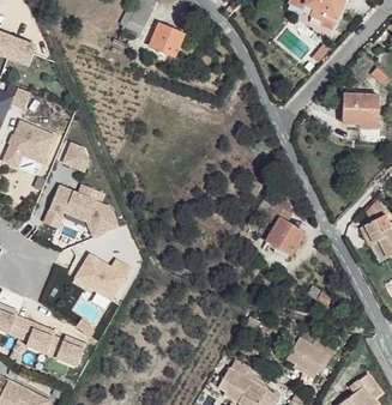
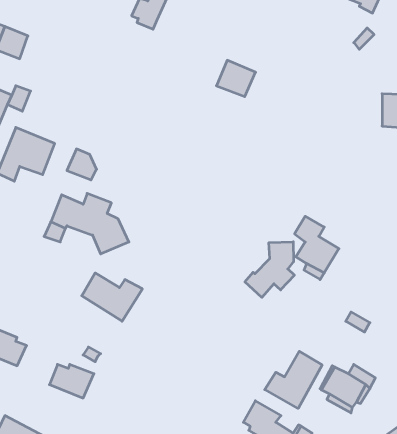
building: [150,24,185,56] -> [216,60,256,97]
building: none -> [245,242,294,297]
building: [18,318,55,352] -> none
building: none -> [265,351,322,408]

